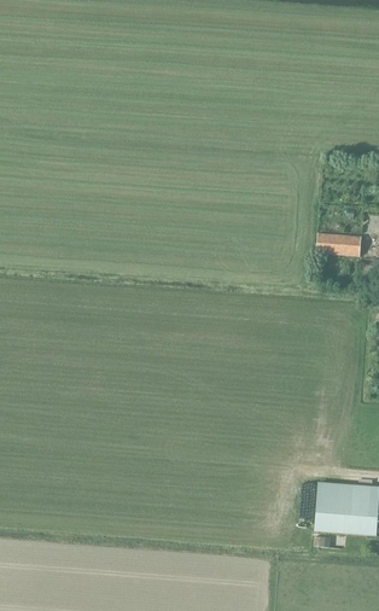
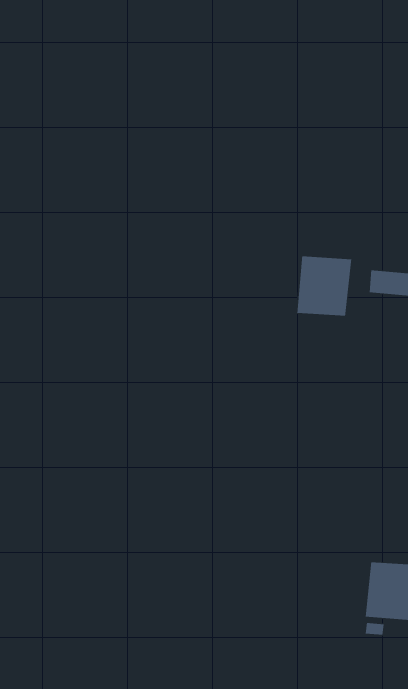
building: none -> [297,255,352,317]

